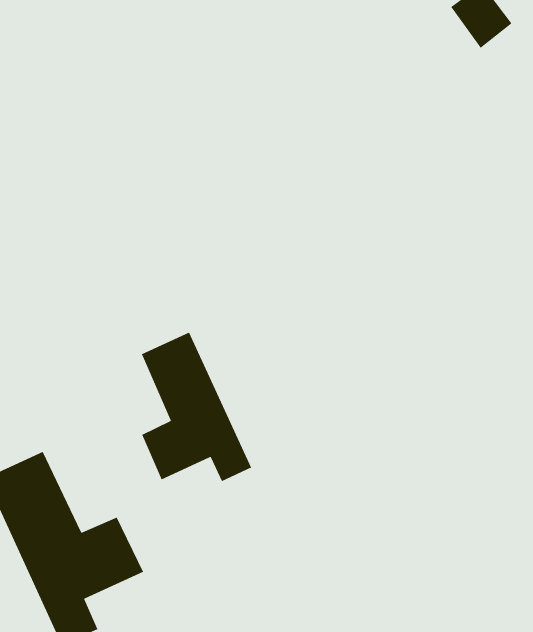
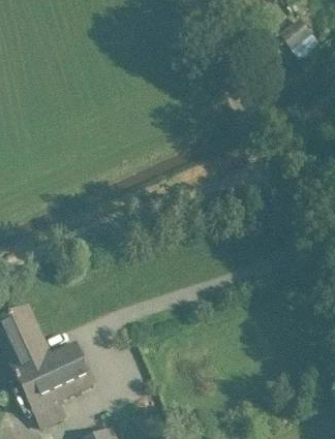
building: [141,331,252,482] -> none

